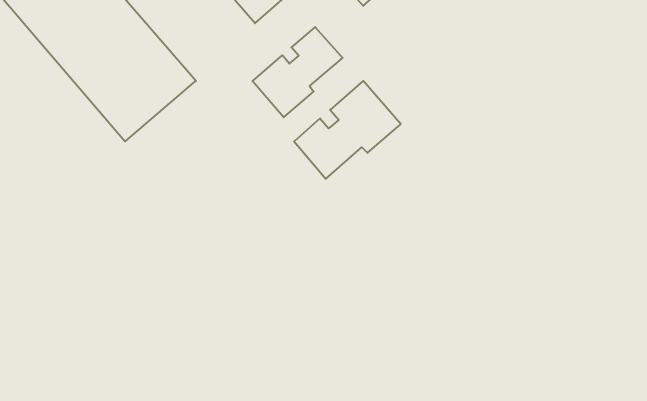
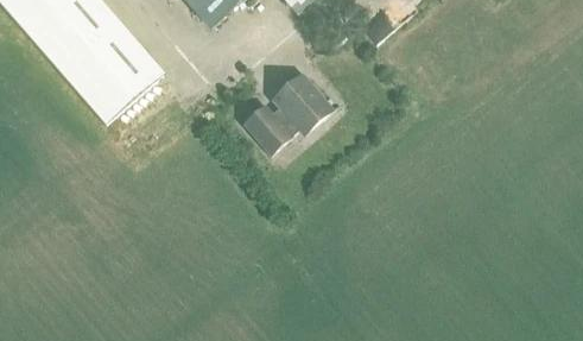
building: [252,27,343,117] -> none

